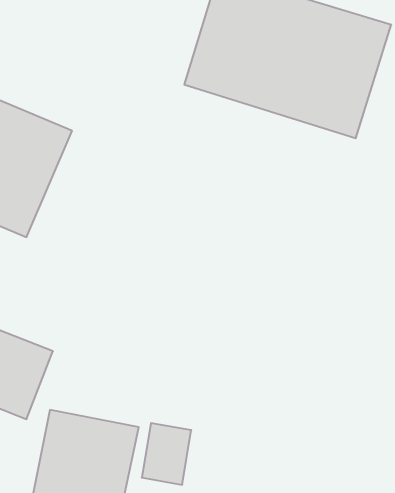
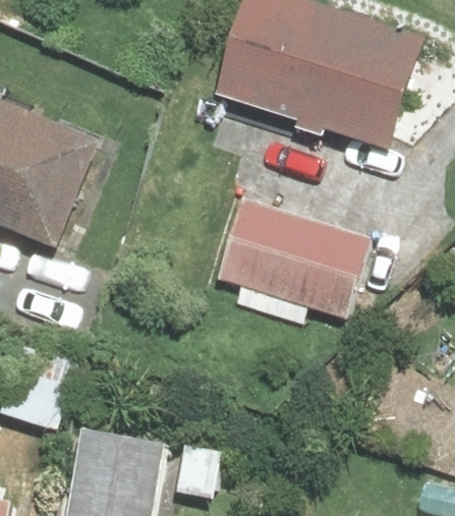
building: none -> [211,193,373,327]

